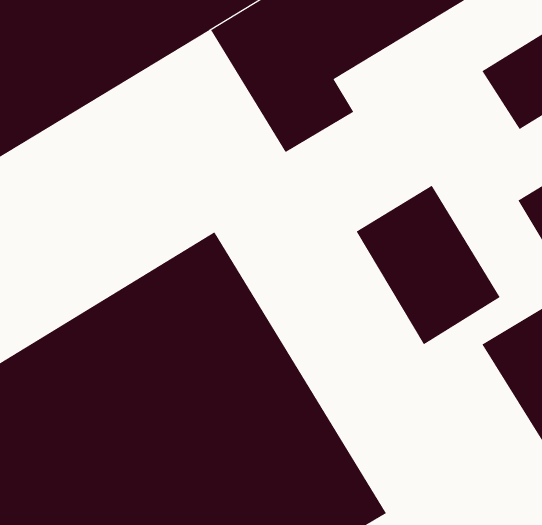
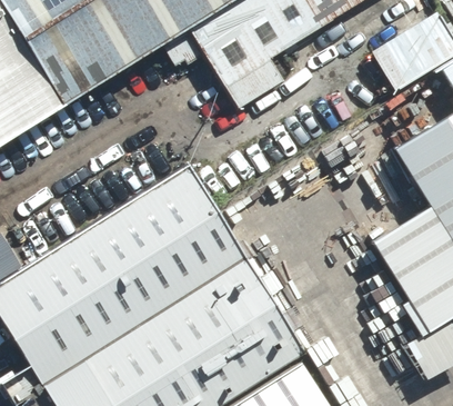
building: [356,185,500,345] -> none

